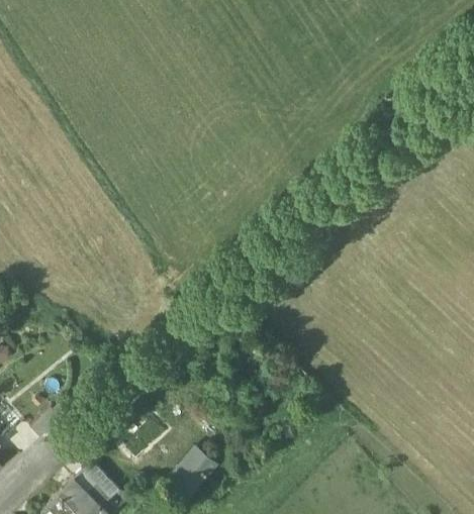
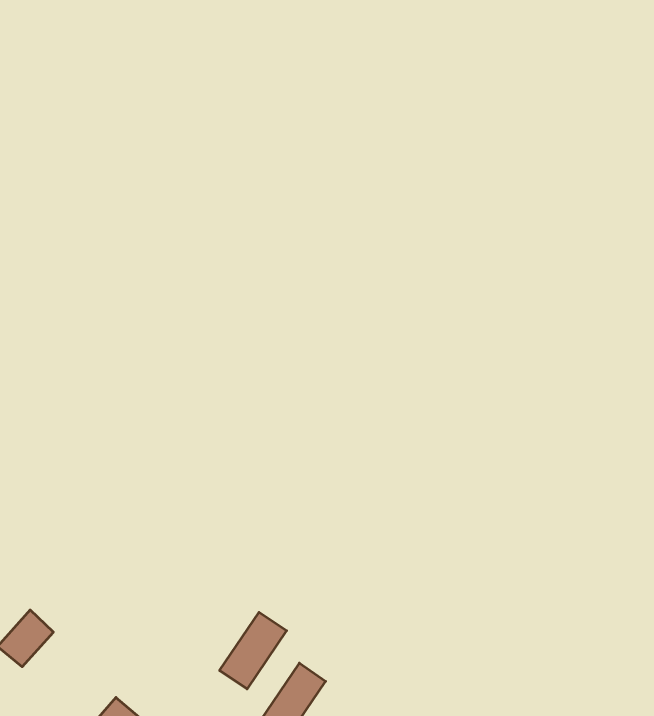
building: none -> [220,612,287,689]

